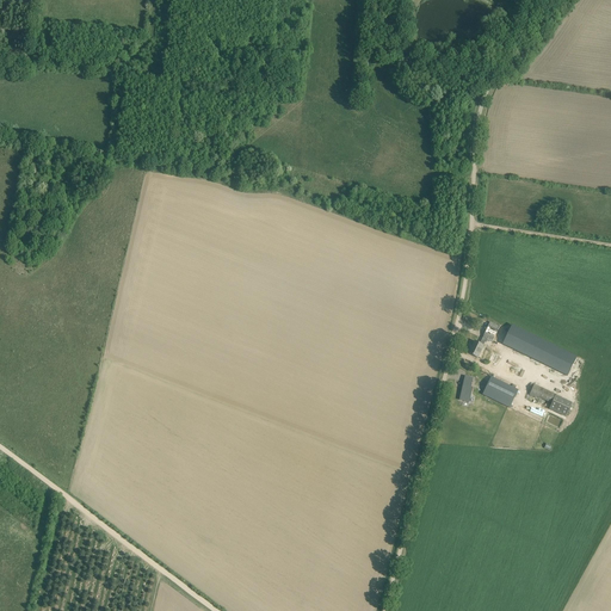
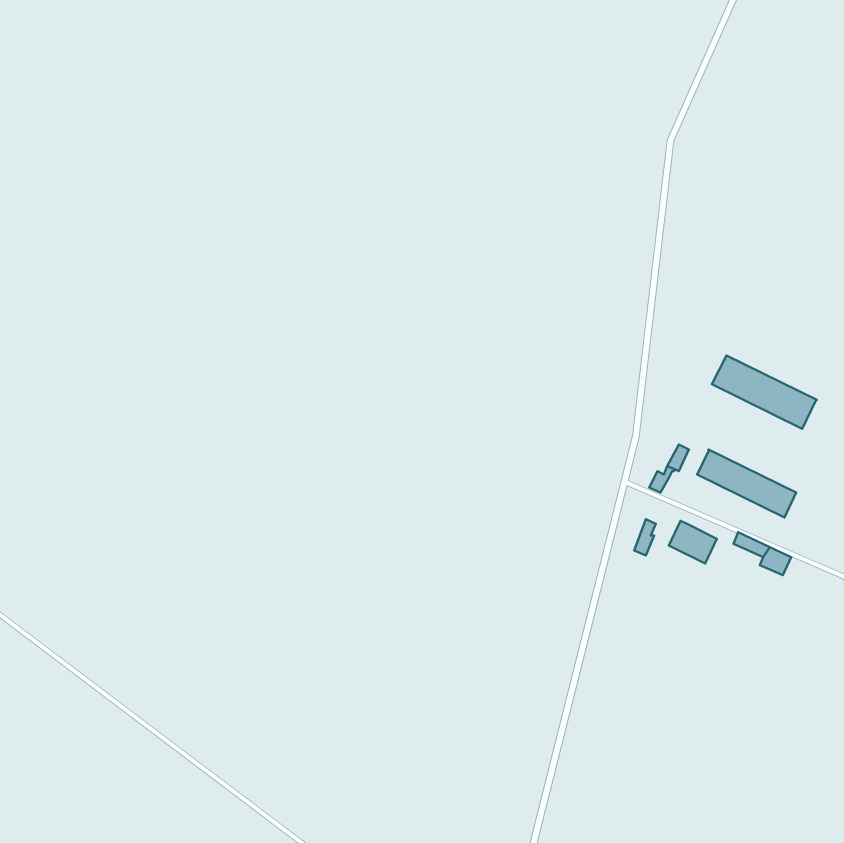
building: none -> [712,355,817,429]

